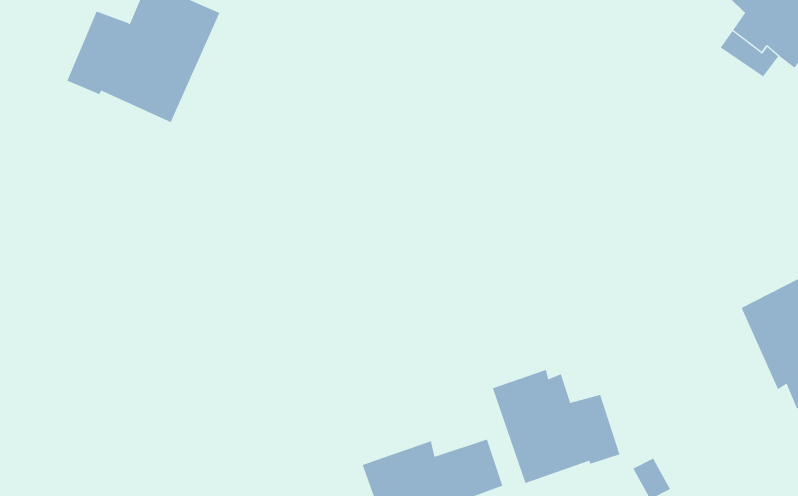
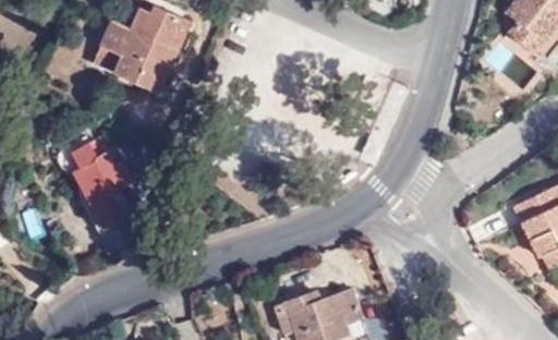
building: none -> [58,131,136,230]
building: [492,369,620,484] -> none

